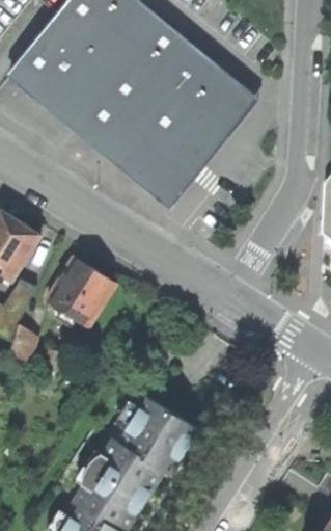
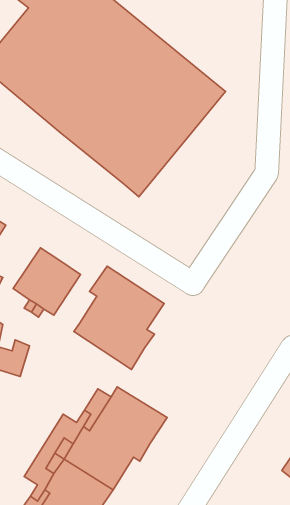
building: none -> [74,266,164,370]

